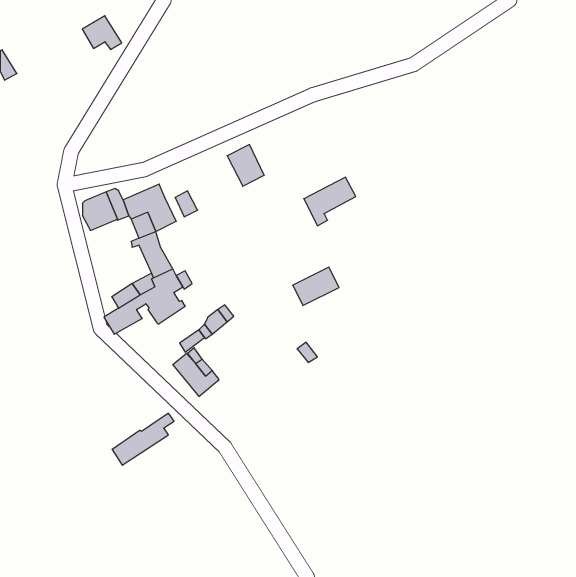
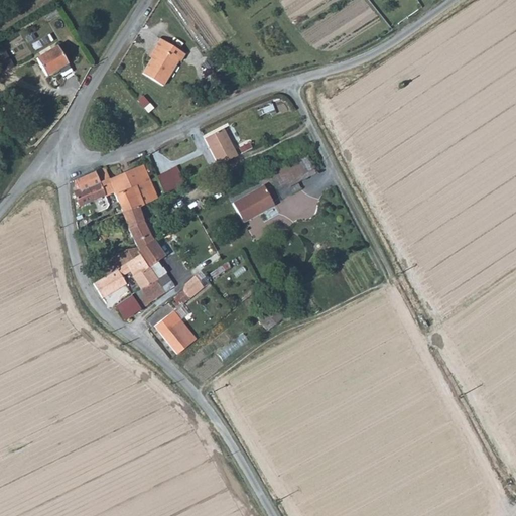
building: [82,16,122,50] -> [38,46,74,77]
building: none -> [142,37,185,85]
building: [293,267,339,306] -> [232,184,273,219]
building: [112,413,174,465] -> [116,273,171,319]

